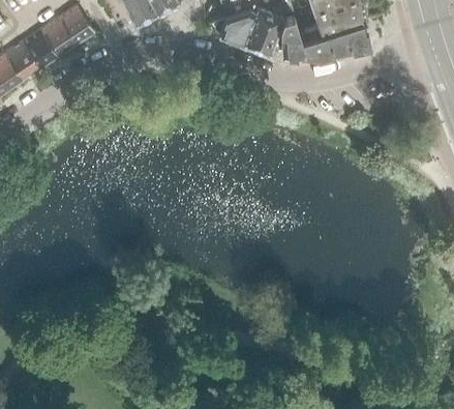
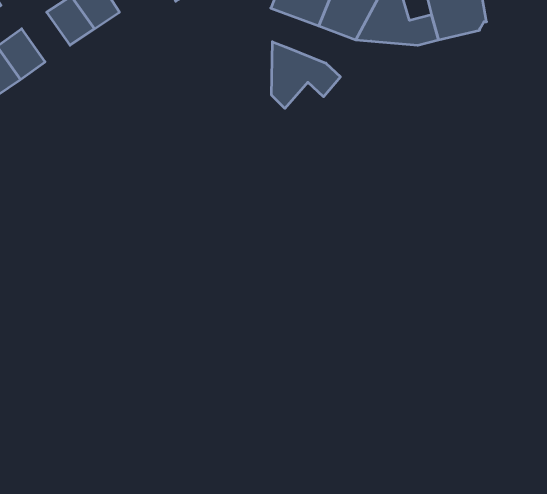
building: [20,32,56,69] -> none
building: none -> [272,42,340,108]

